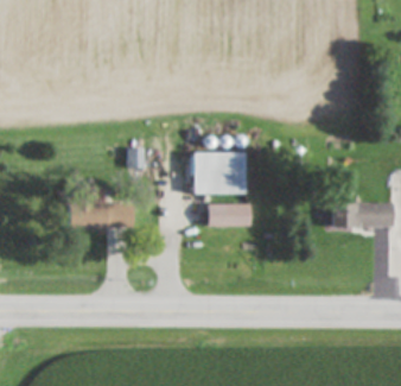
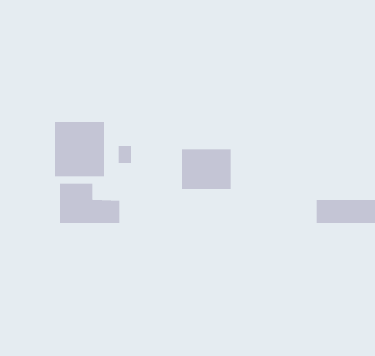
building: none -> [54,121,105,177]
building: [208,203,250,226] -> none

